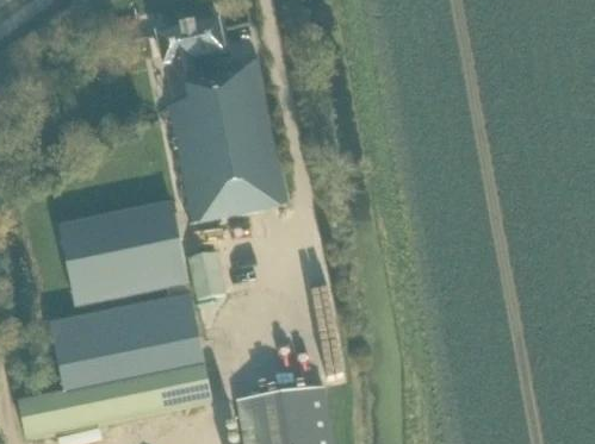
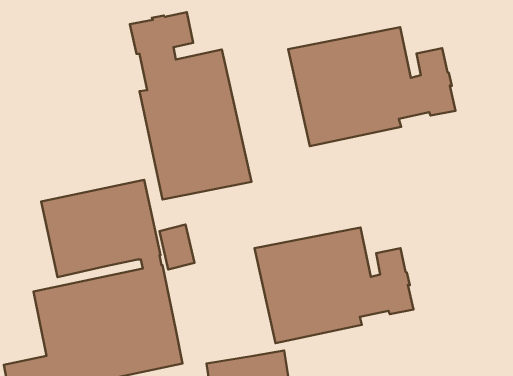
building: none -> [288,27,456,146]
building: none -> [254,227,413,343]

